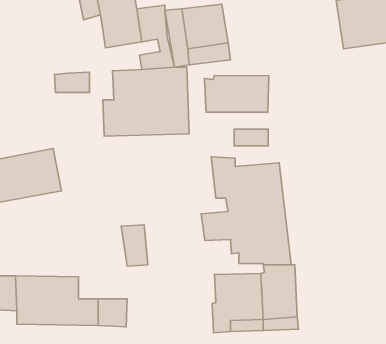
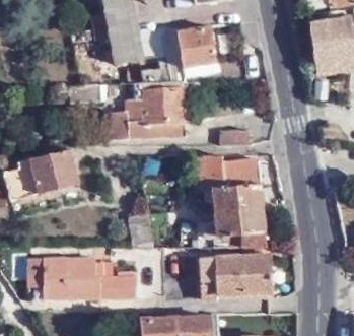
building: [204,76,269,112] -> none

